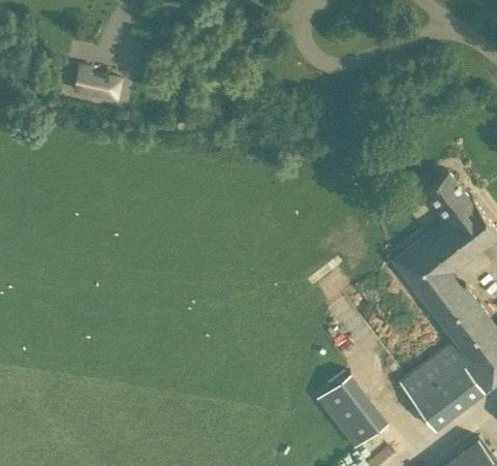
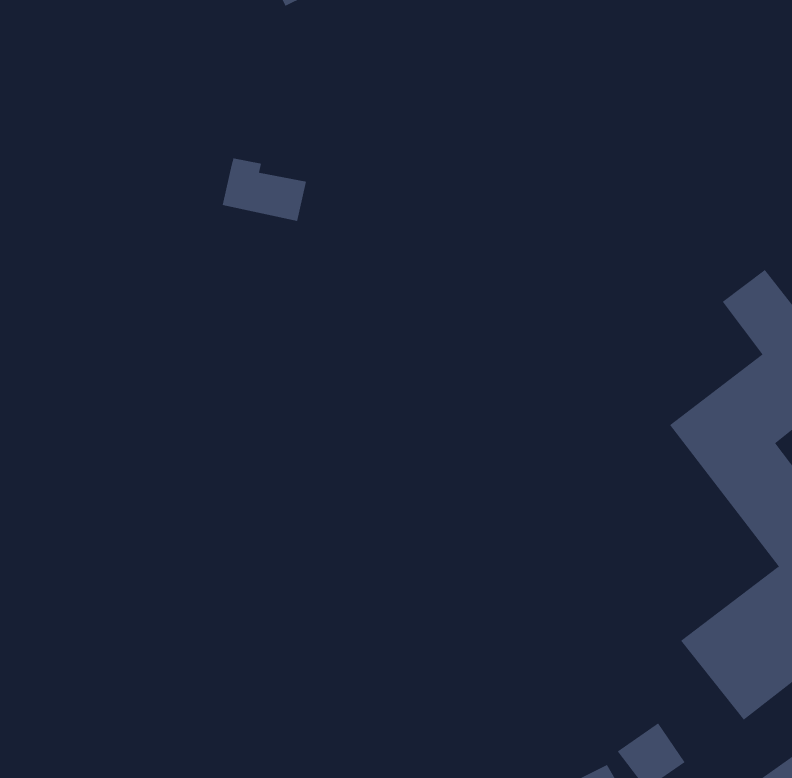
building: [72,66,121,102] -> [222,158,307,221]
building: [317,375,387,449] -> none

